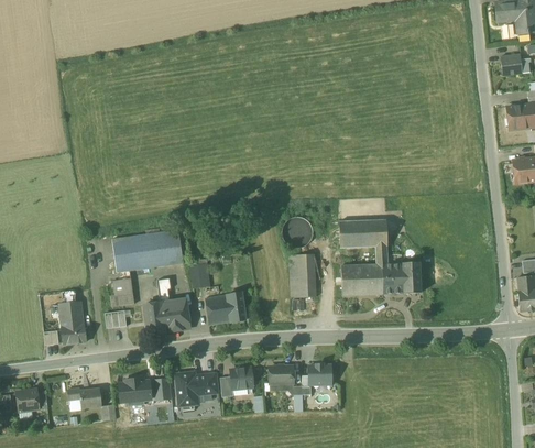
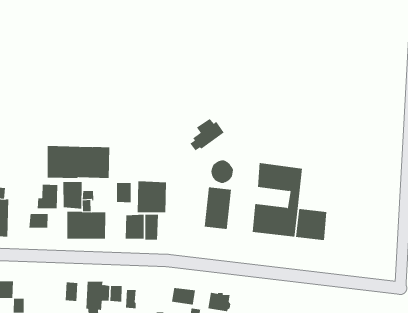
building: none -> [190,118,225,151]
building: none -> [137,180,166,213]
building: none -> [63,181,82,210]
building: [231,367,255,389] -> none
building: [119,378,152,405] -> none

